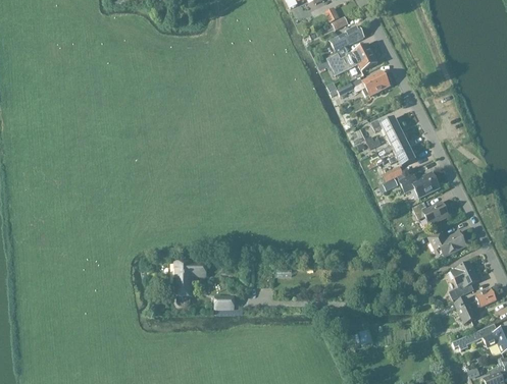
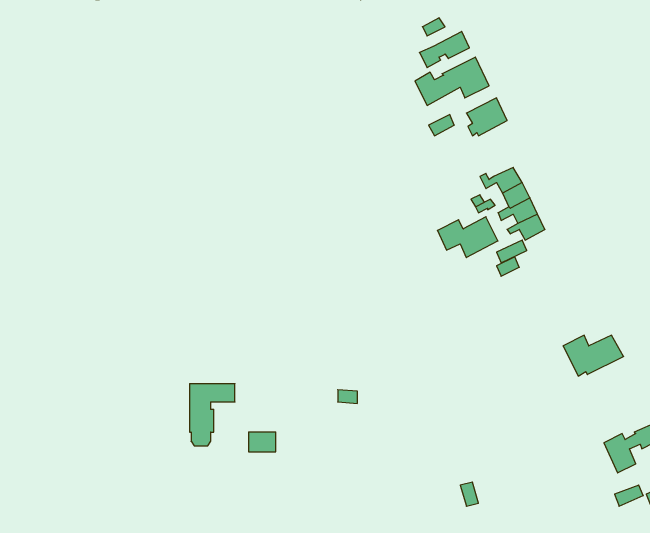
building: [399,171,440,199] -> [437,217,498,258]
building: [412,201,449,224] -> none
building: [451,262,479,296] -> none

